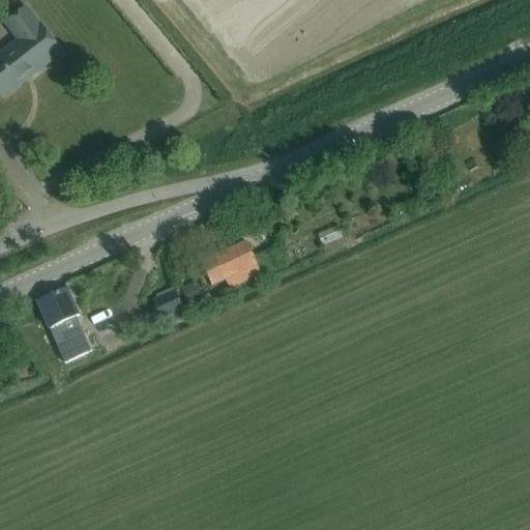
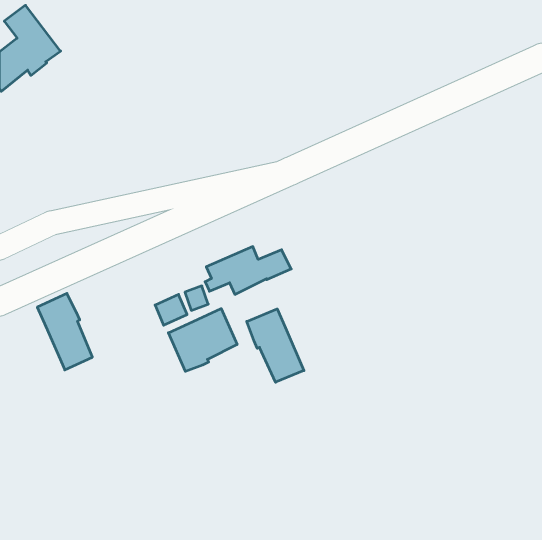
building: none -> [168,309,237,371]
building: none -> [247,309,304,382]

